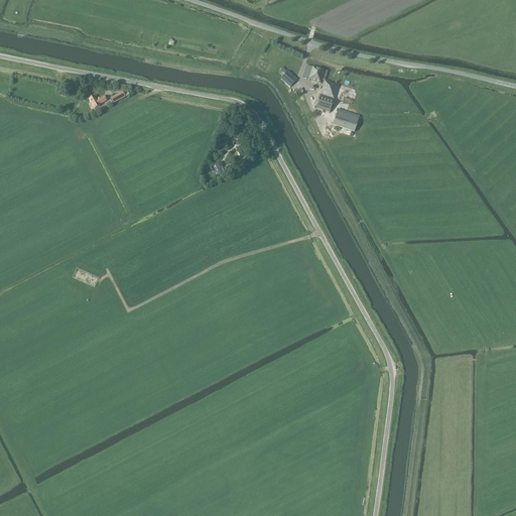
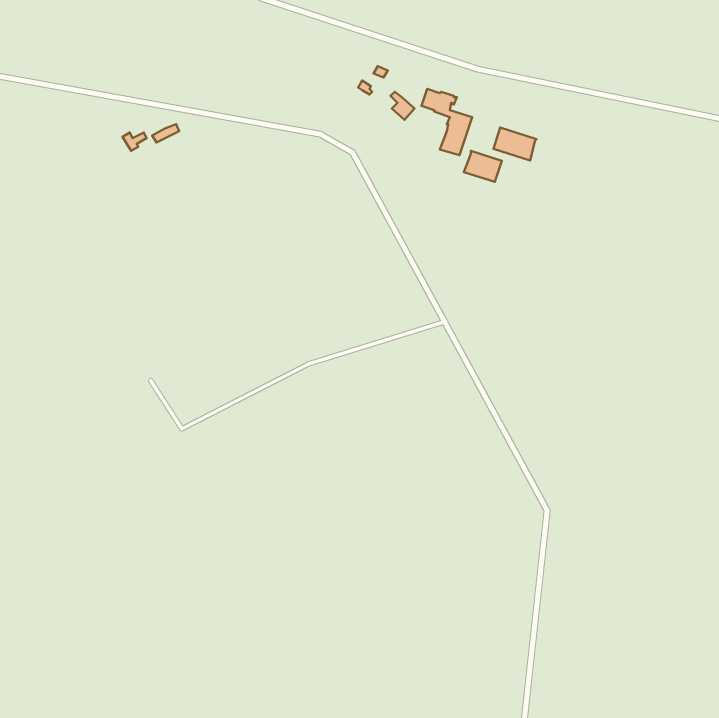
building: none -> [494,127,537,160]

